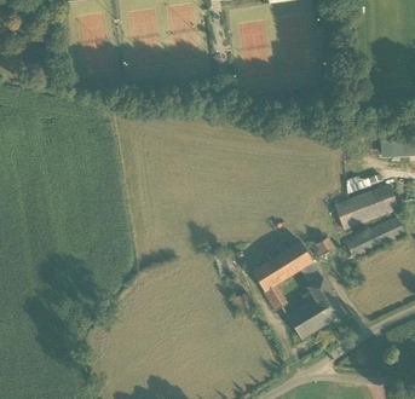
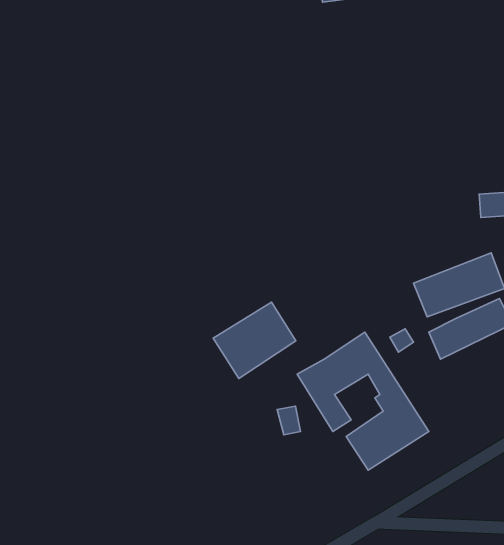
building: none -> [213,302,296,378]

